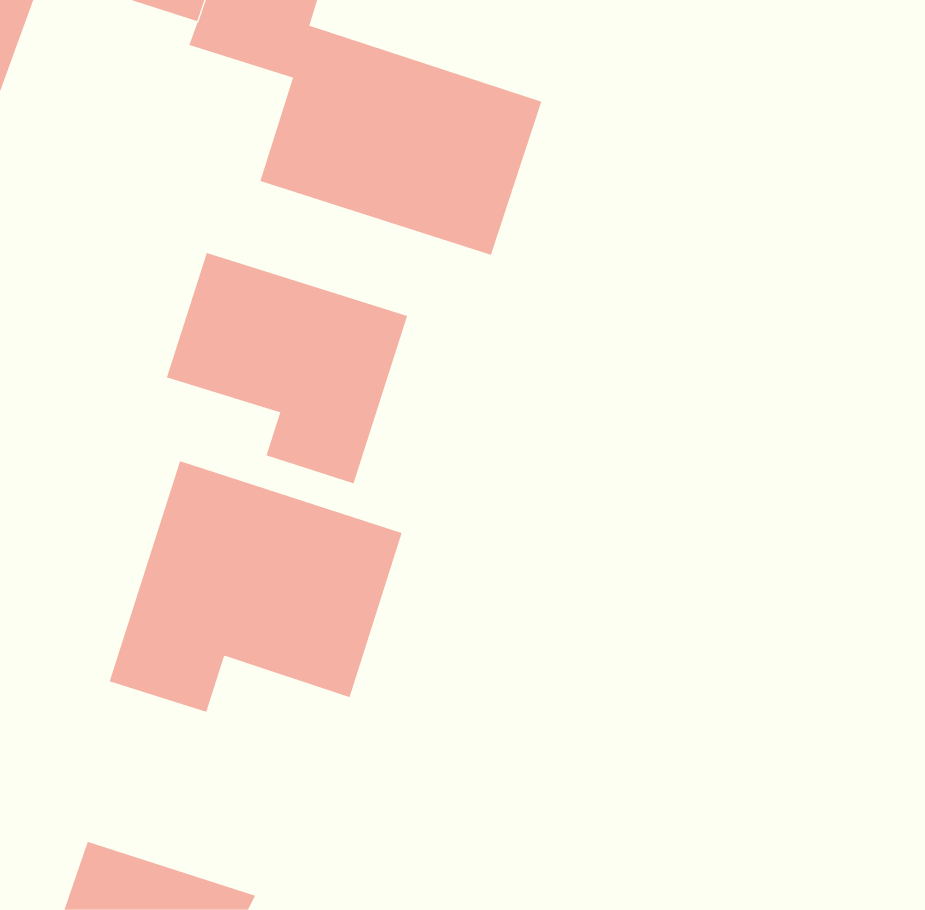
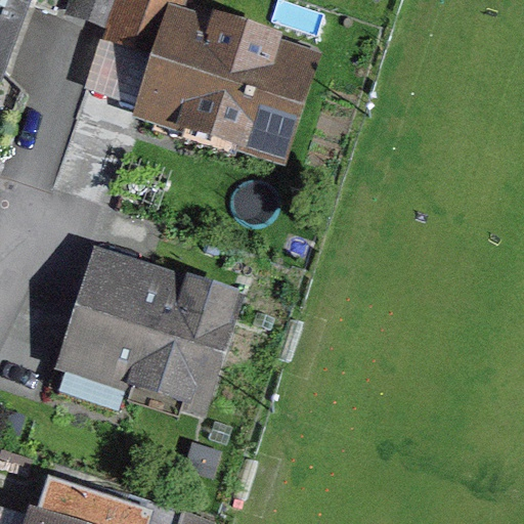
building: [166,252,408,484] -> none

